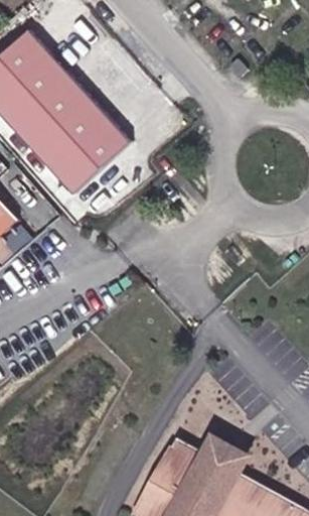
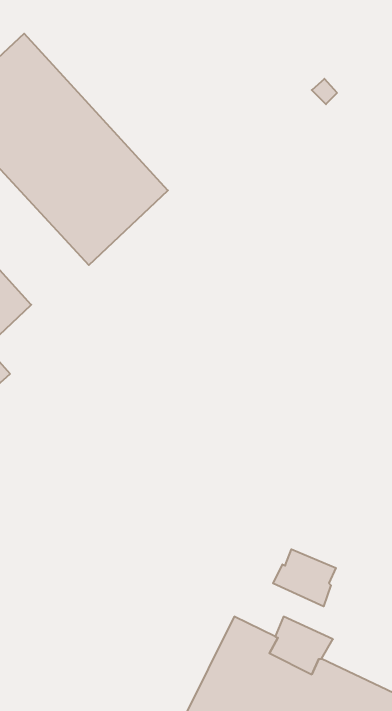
building: none -> [273,549,336,606]

